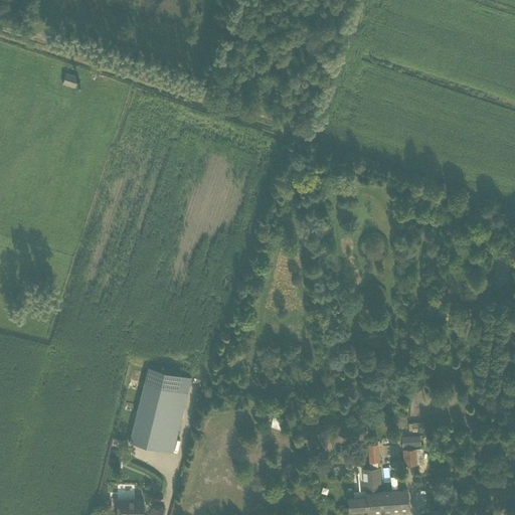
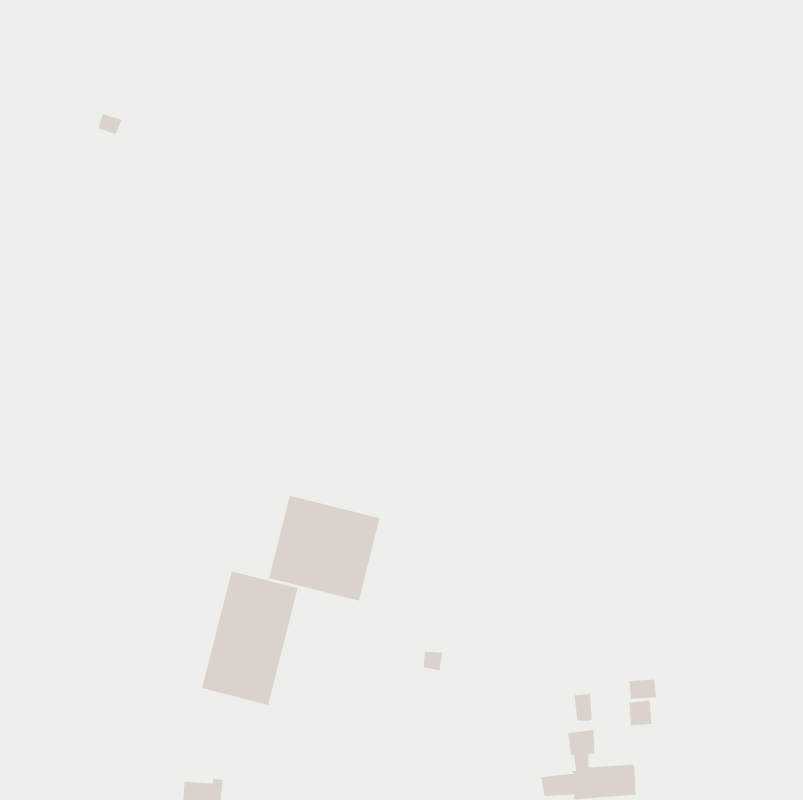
building: none -> [268,495,380,602]

